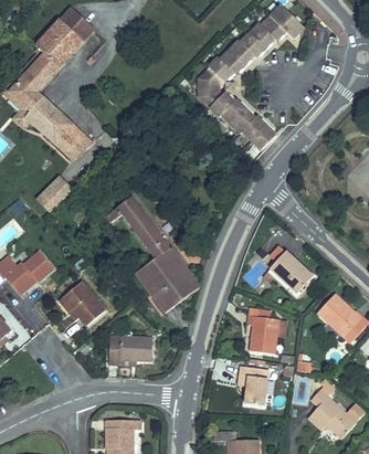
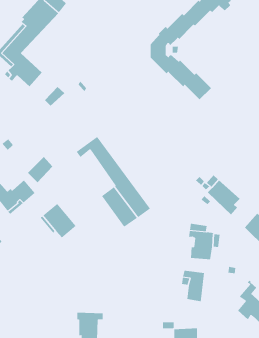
building: [45,116,81,151] -> none
building: [38,178,71,212] -> [27,156,53,183]
building: [108,336,152,365] -> none

